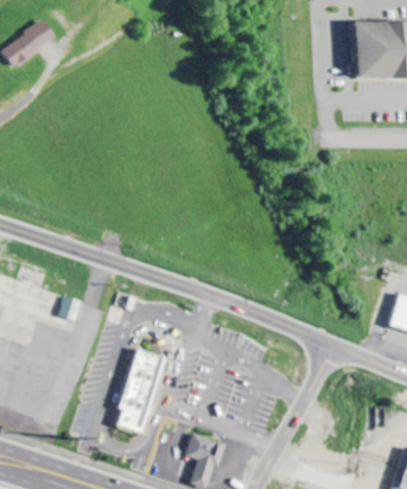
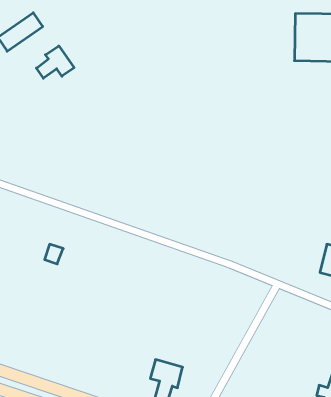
building: none -> [36,46,74,78]
building: [114,347,163,433] -> none

